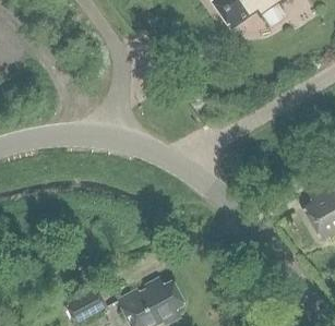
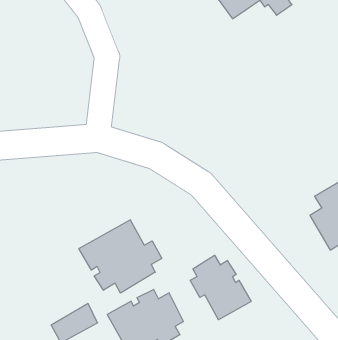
building: none -> [79,220,162,293]
building: none -> [190,255,251,320]

